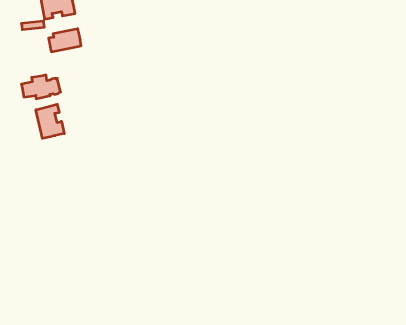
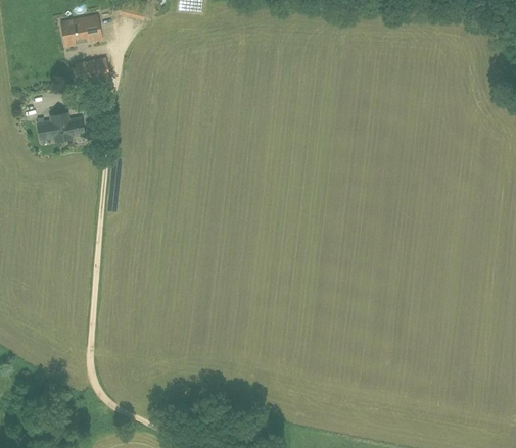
building: [36,104,64,138] -> none

